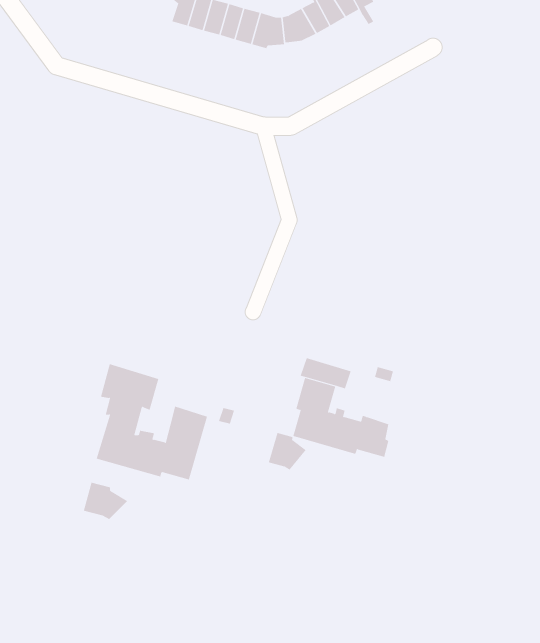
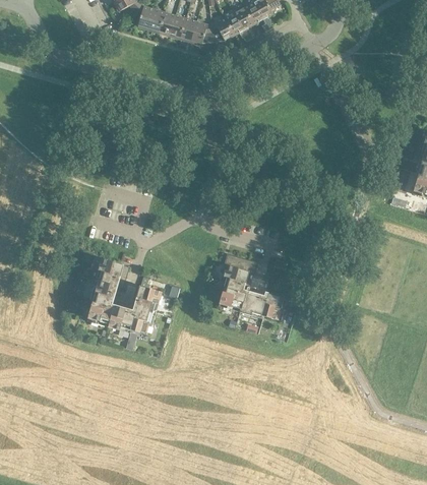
building: [268,432,307,470] -> none
building: [83,482,128,520] -> none

